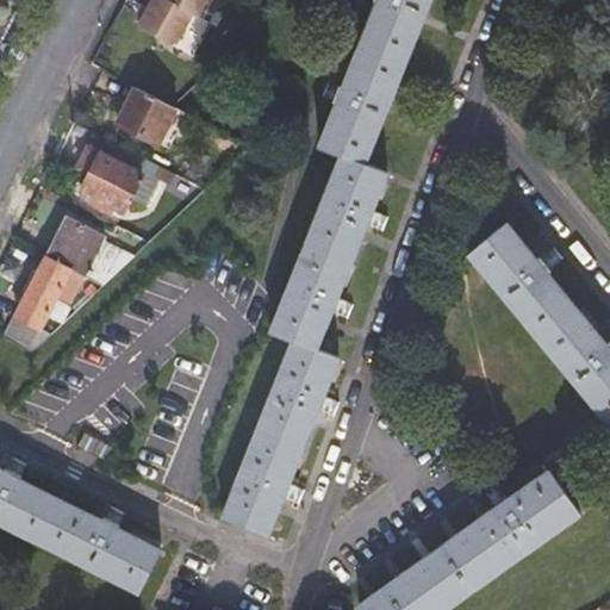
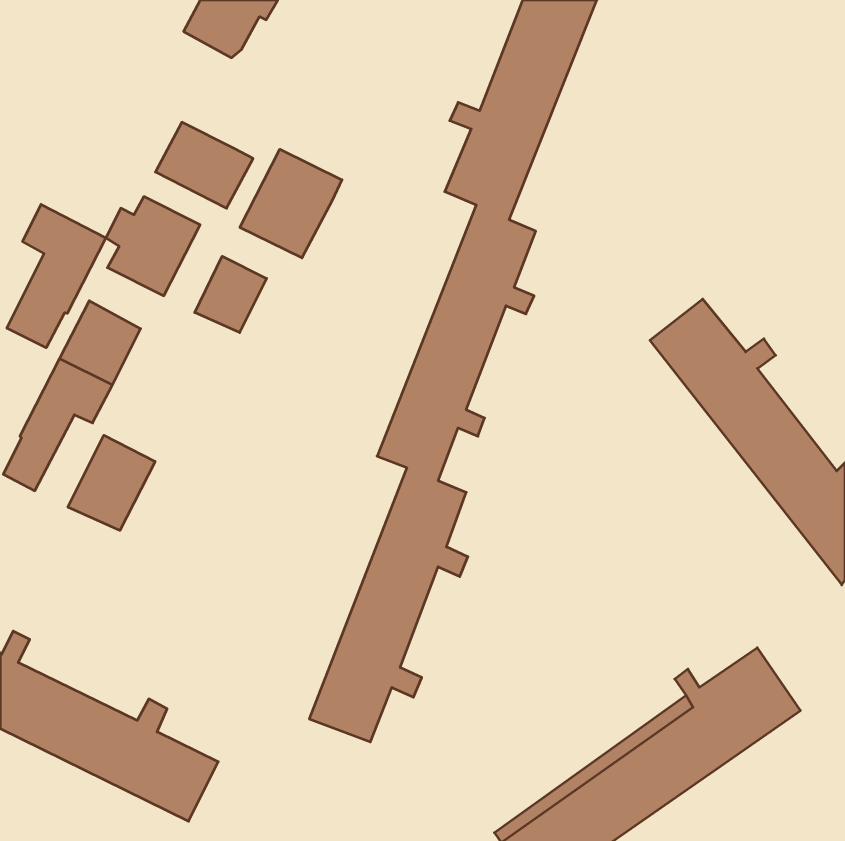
building: none -> [240,149,342,258]
building: none -> [7,204,106,348]
building: none -> [195,256,267,333]
building: none -> [68,435,155,530]

